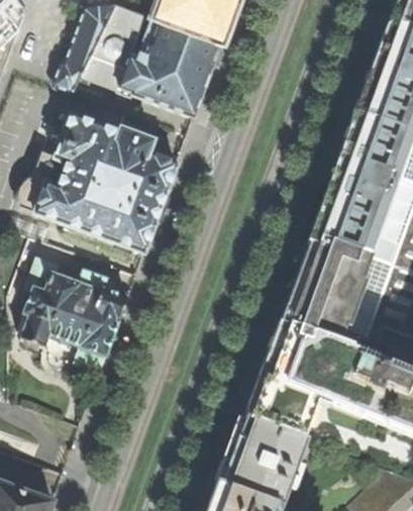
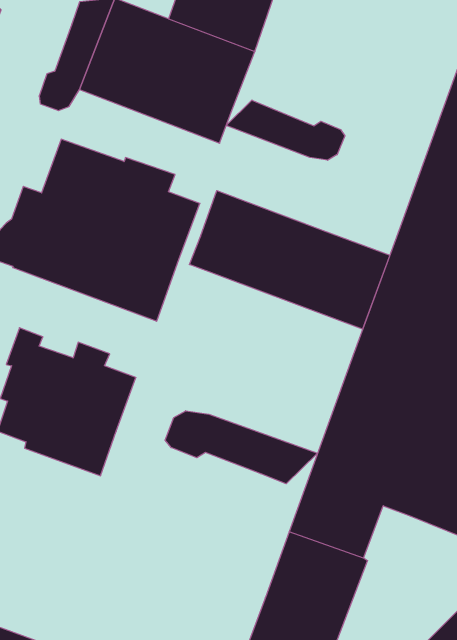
building: none -> [226,100,345,160]
building: none -> [189,191,390,329]
building: none -> [165,411,318,484]

